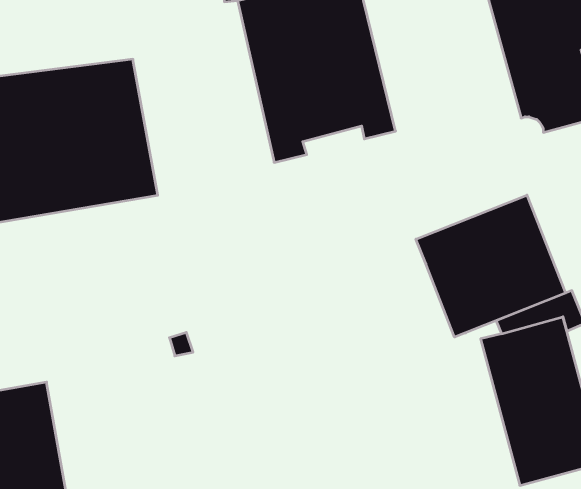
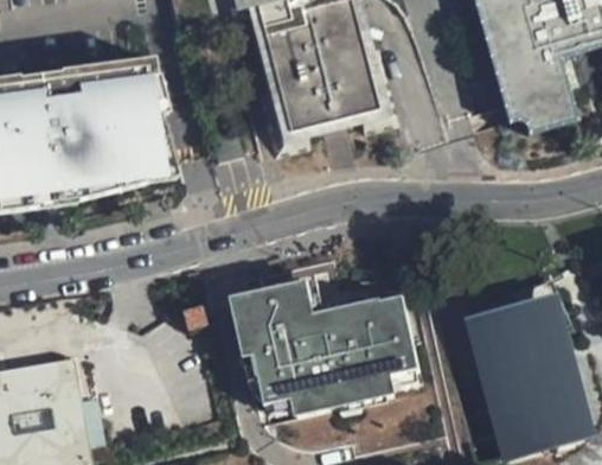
building: [416,195,566,337] -> none
building: none -> [238,284,421,421]

